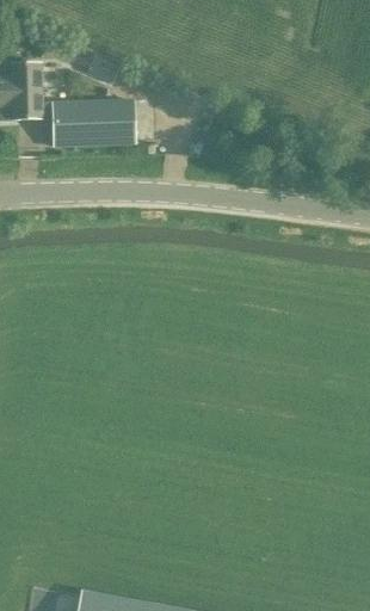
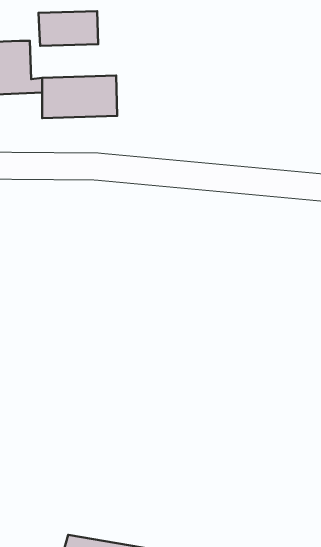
building: none -> [38,11,98,46]

